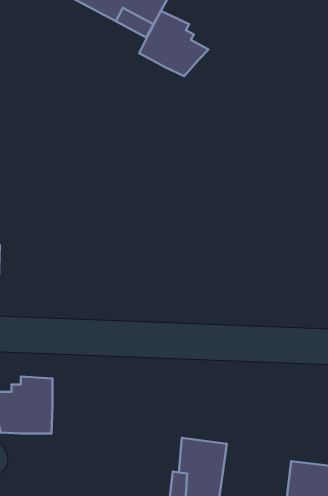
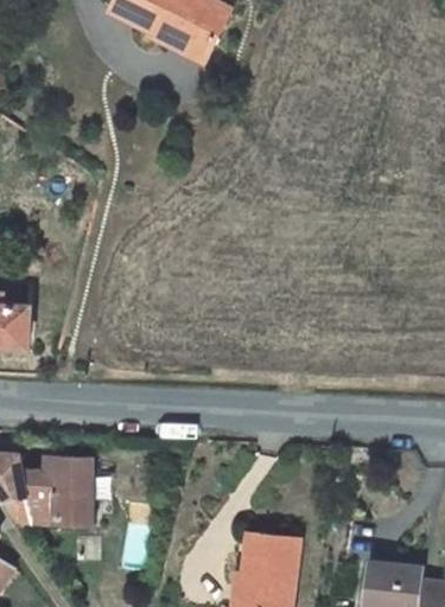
building: [139,11,209,76] -> none

